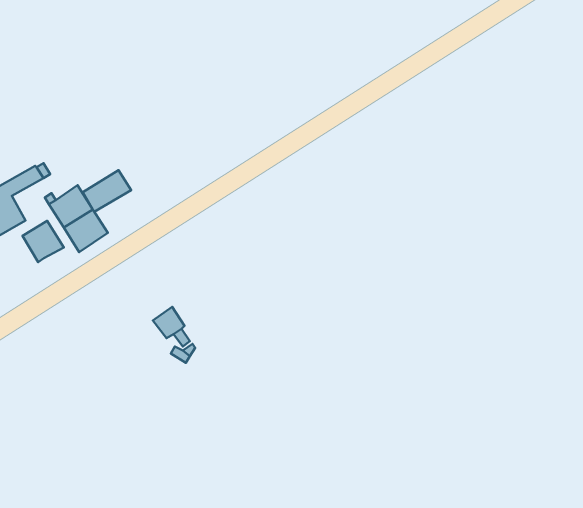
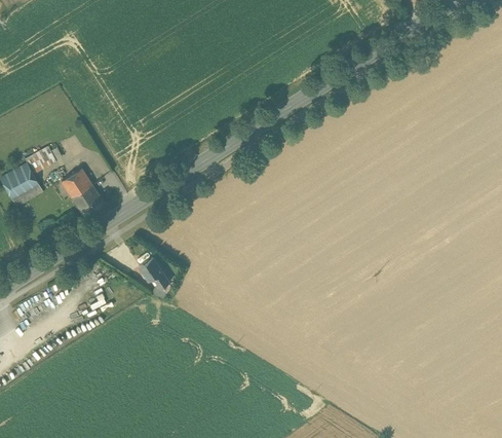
building: [83,170,131,212] -> none
building: [23,221,64,262] -> none

